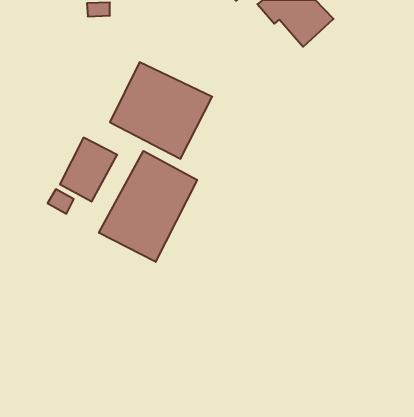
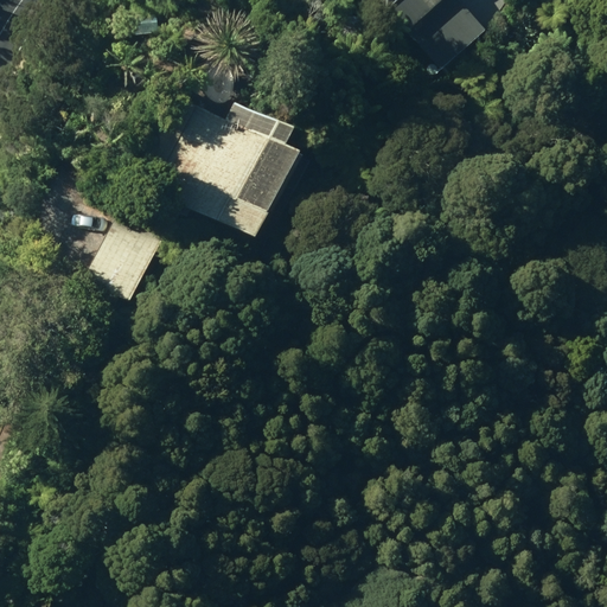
building: [99,151,197,262] -> none

